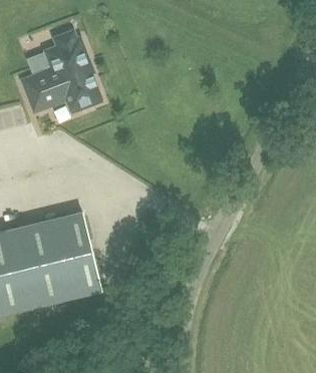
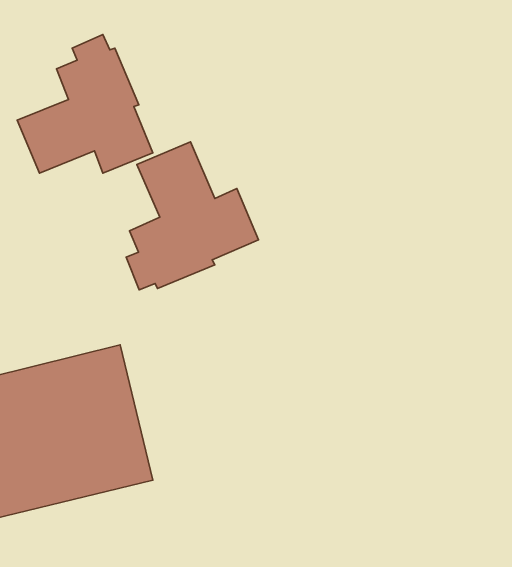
building: none -> [126,142,259,290]

